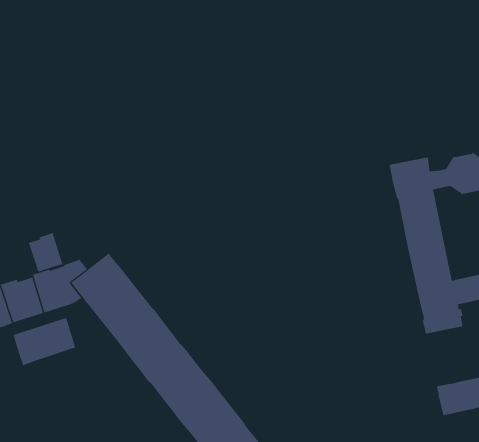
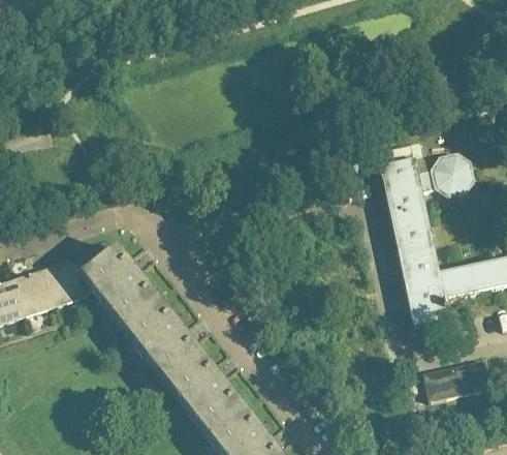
building: [28,232,63,273] -> none
building: [13,317,76,366] -> none

